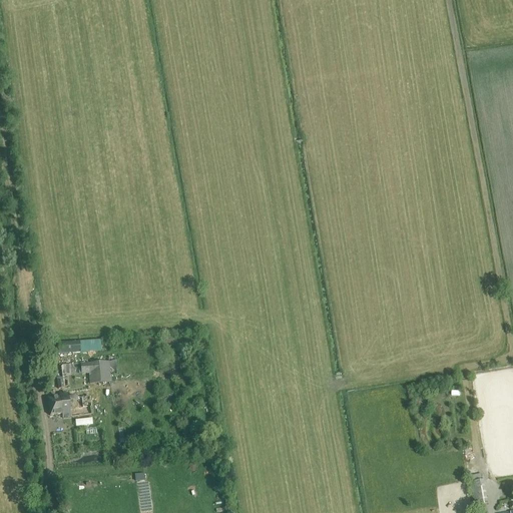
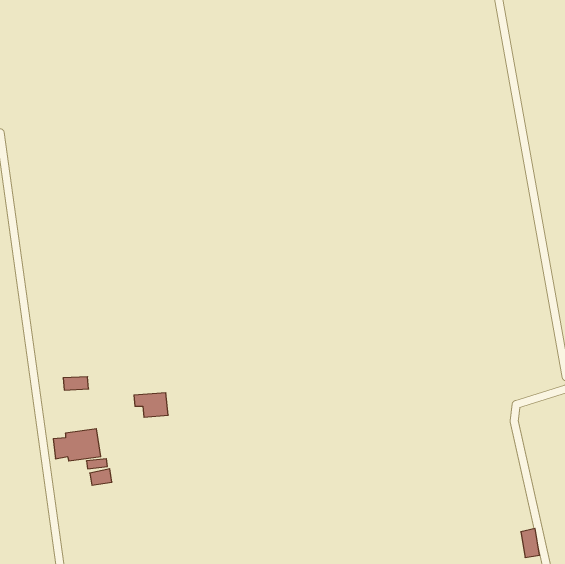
building: [81,361,112,383] -> [134,393,168,417]

